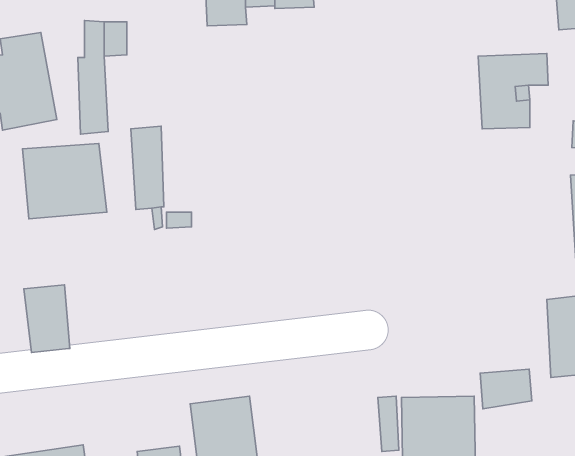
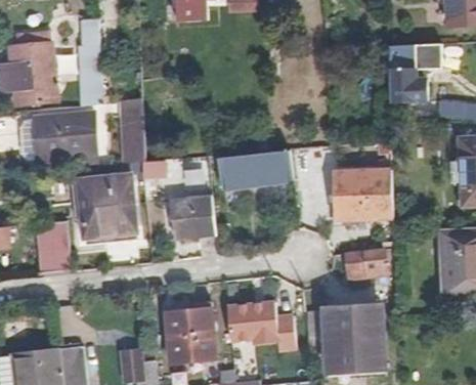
building: none -> [221,151,293,189]
building: none -> [335,172,393,222]
building: none -> [76,176,133,237]
building: none -> [172,197,216,240]
building: [480,369,532,409] -> [346,249,386,280]
building: none -> [225,300,294,348]

